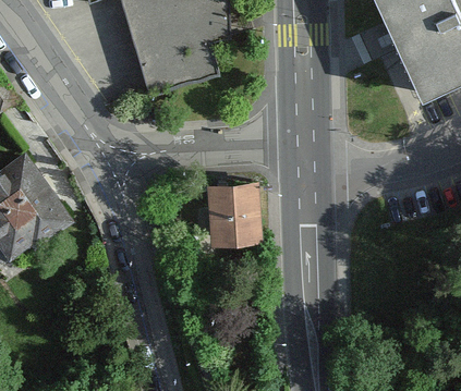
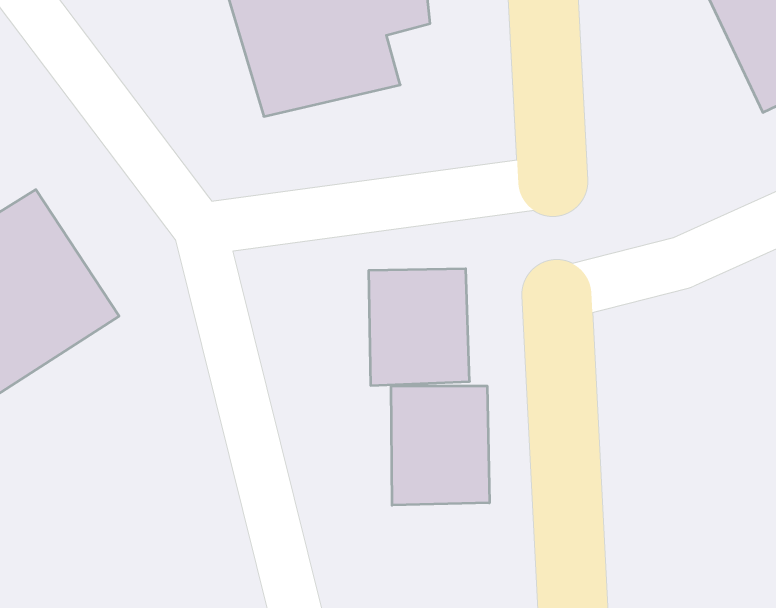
building: none -> [391,386,489,505]

